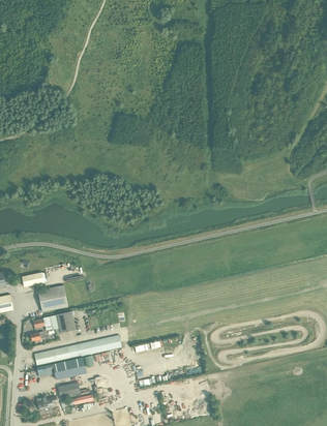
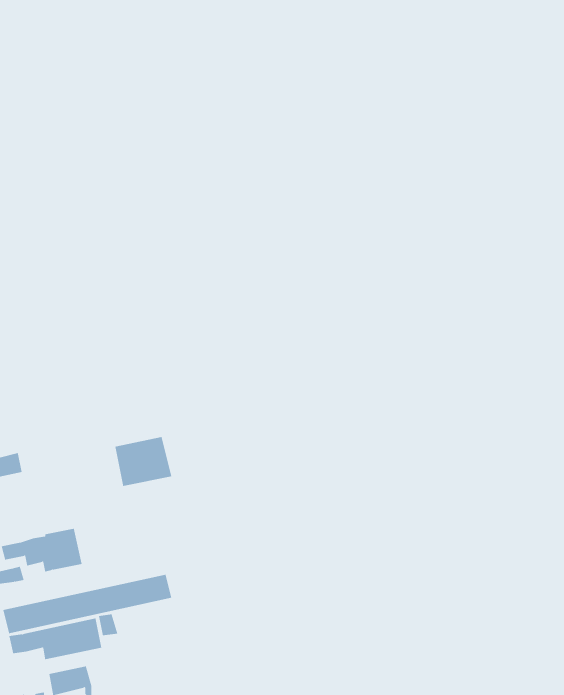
building: [38,284,68,310] -> [114,437,172,486]

